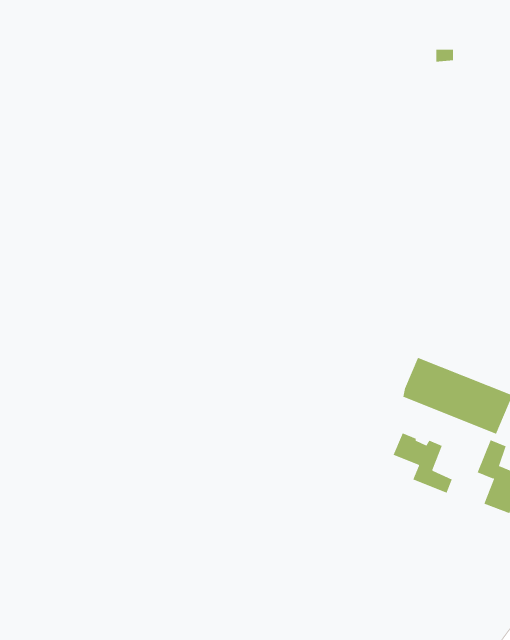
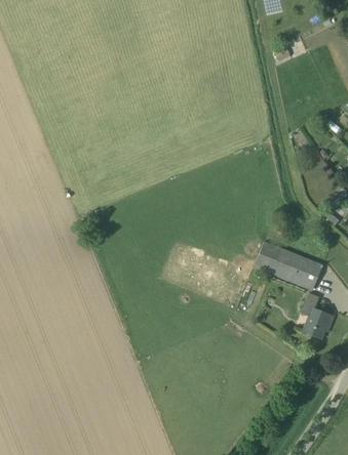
building: [393,433,452,493] -> none

